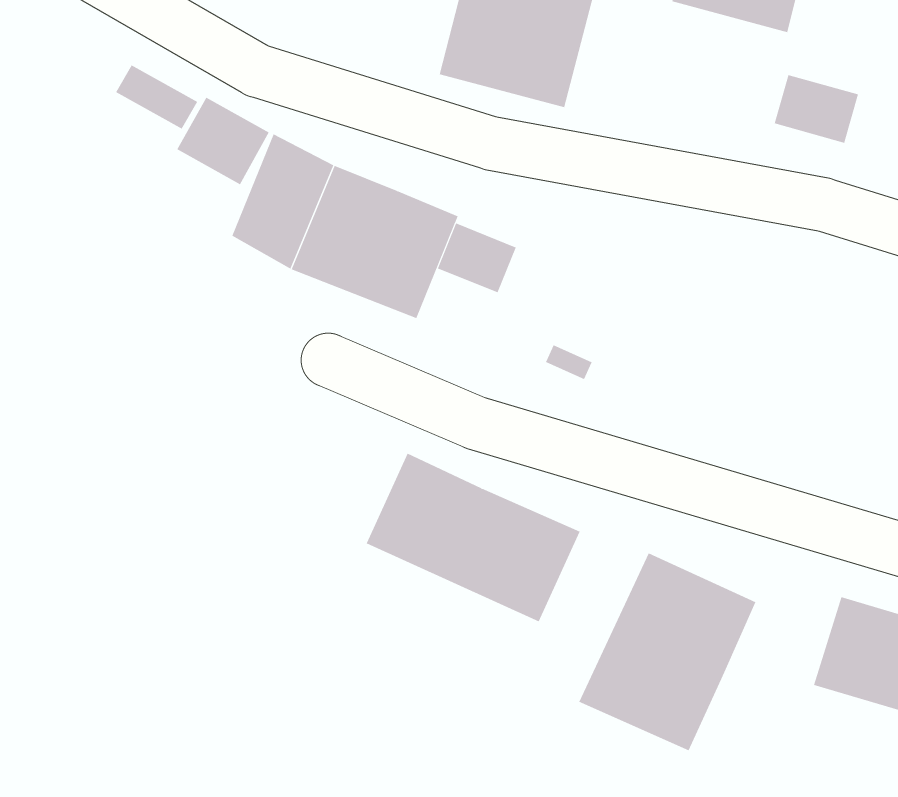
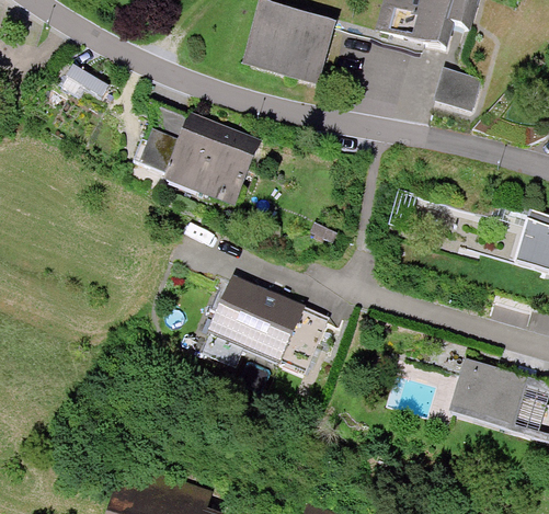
building: [177,97,269,185] -> none
building: [437,222,517,293] -> none
building: [578,553,756,751] -> none

